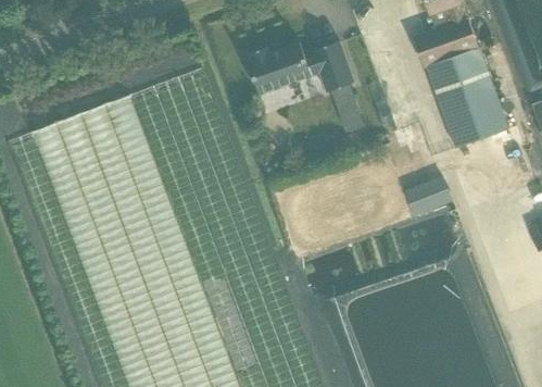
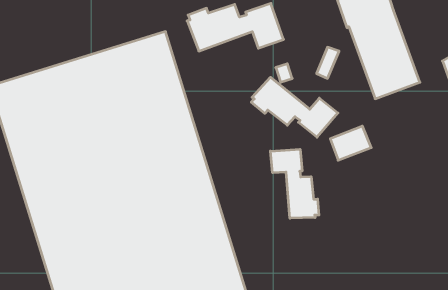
building: none -> [251,77,338,137]
building: none -> [270,149,319,218]

